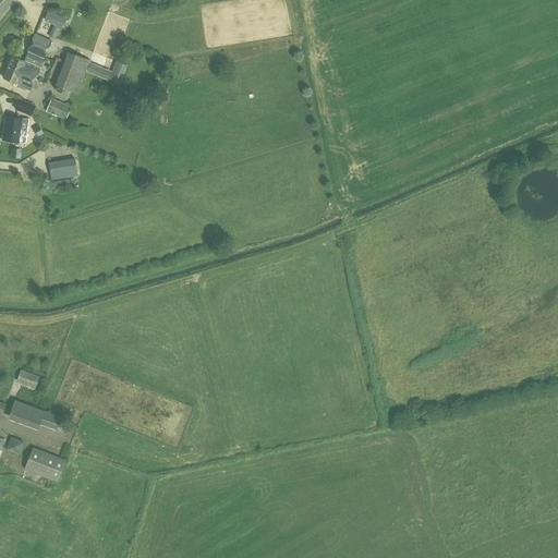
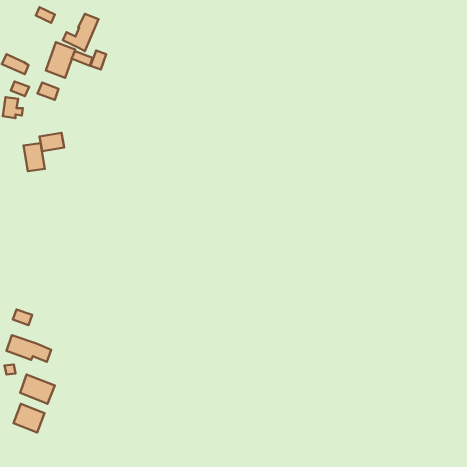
building: [8,33,50,77] -> [63,14,98,51]
building: none -> [24,143,45,171]
building: none -> [14,404,44,433]

